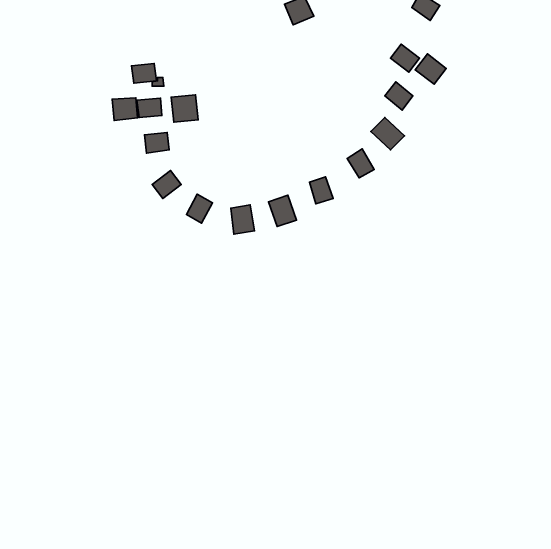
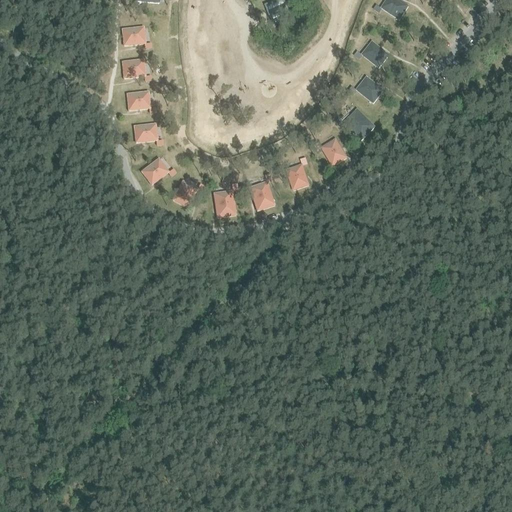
building: none -> [122,26,145,45]
building: [415,54,446,84] -> none
building: [171,95,198,122] -> none
building: [112,98,138,121] -> none

